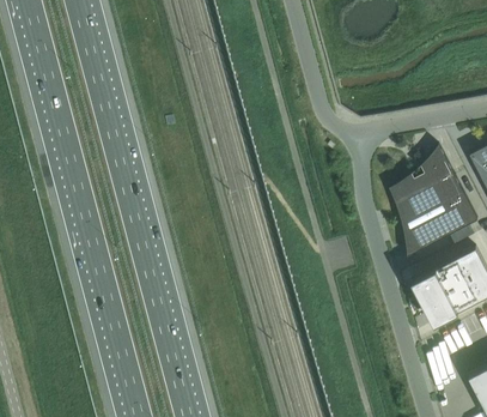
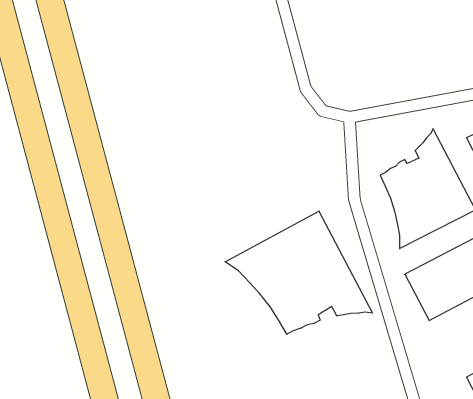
building: none -> [225,211,372,334]

